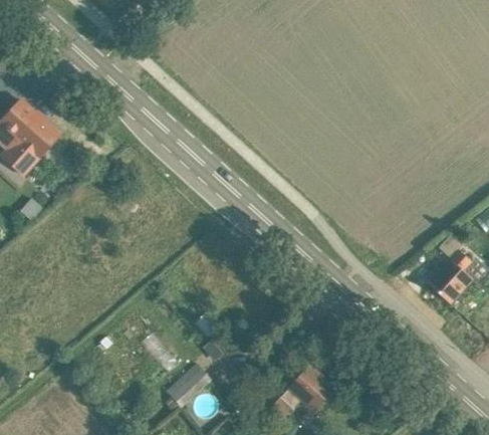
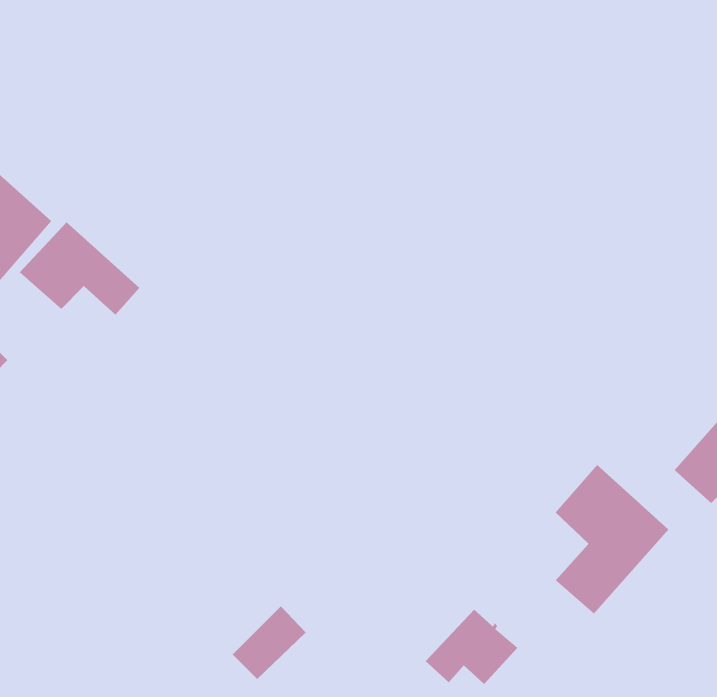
building: none -> [19,222,140,316]
building: none -> [555,464,669,615]

